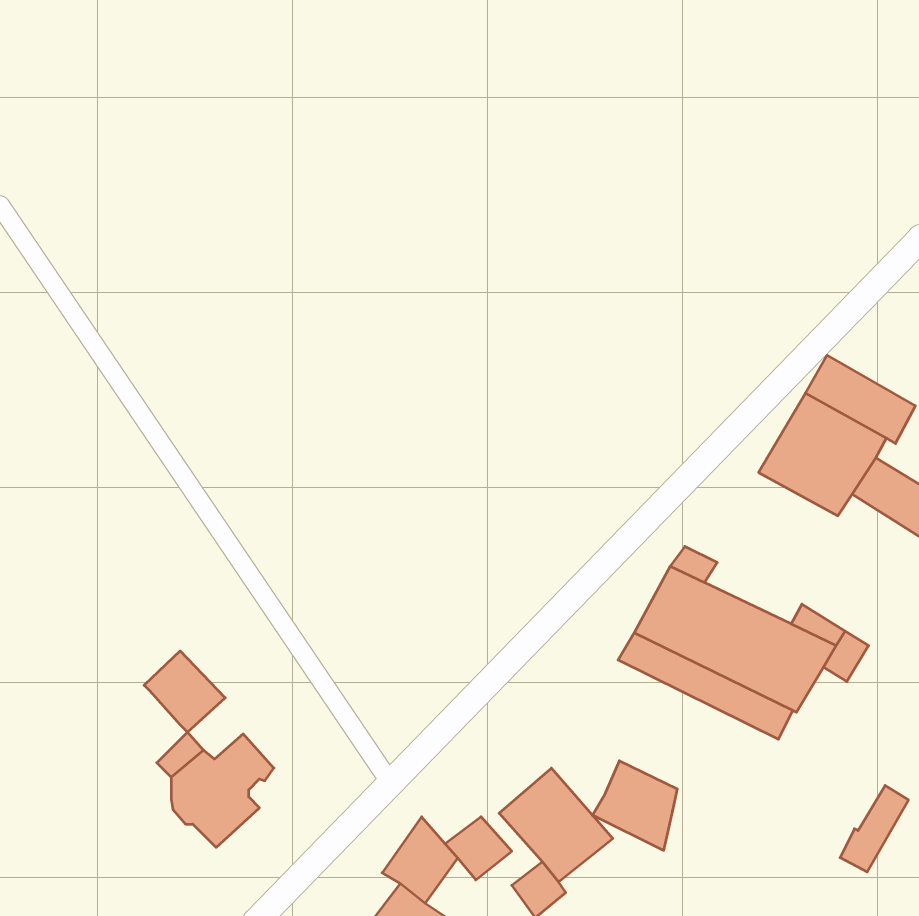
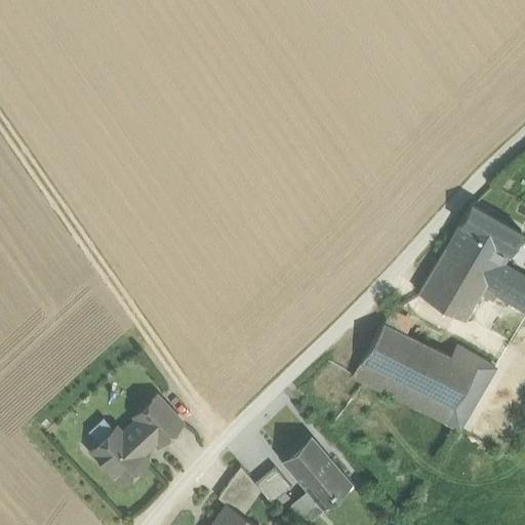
building: none -> [418,272,478,320]
building: [144,651,225,732] -> [136,398,183,444]
building: [592,761,677,850] -> none
building: [840,785,908,872] -> [444,382,483,432]

